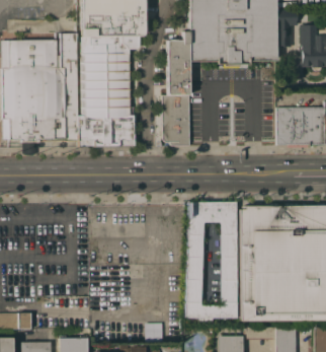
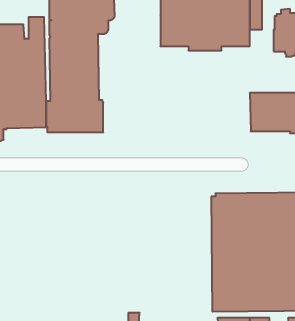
building: [163,30,190,145] -> none
building: [185,201,237,318] -> none

